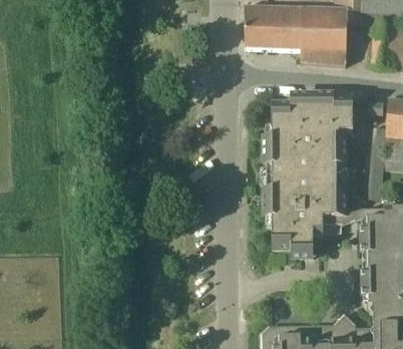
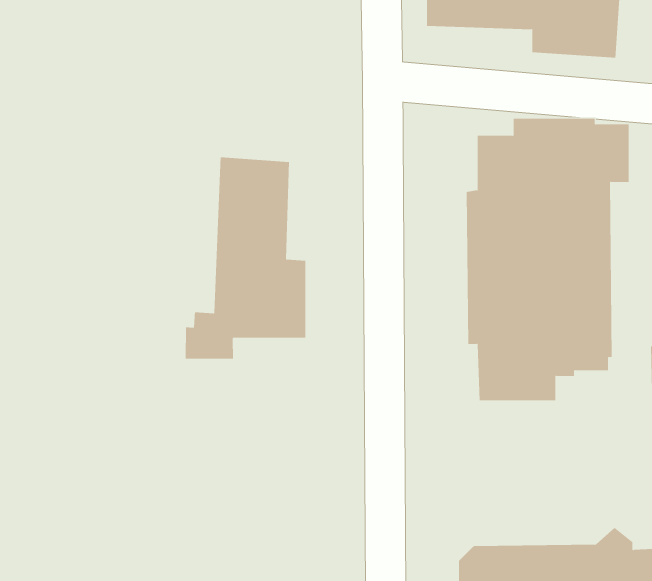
building: none -> [185,156,306,360]

